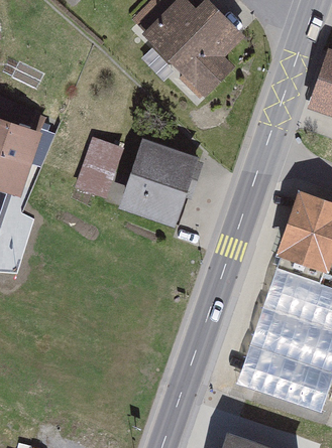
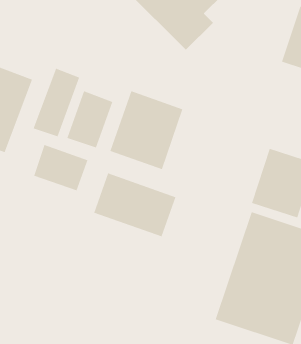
building: none -> [33,68,80,137]
building: none -> [33,144,88,191]
building: none -> [93,173,176,237]

